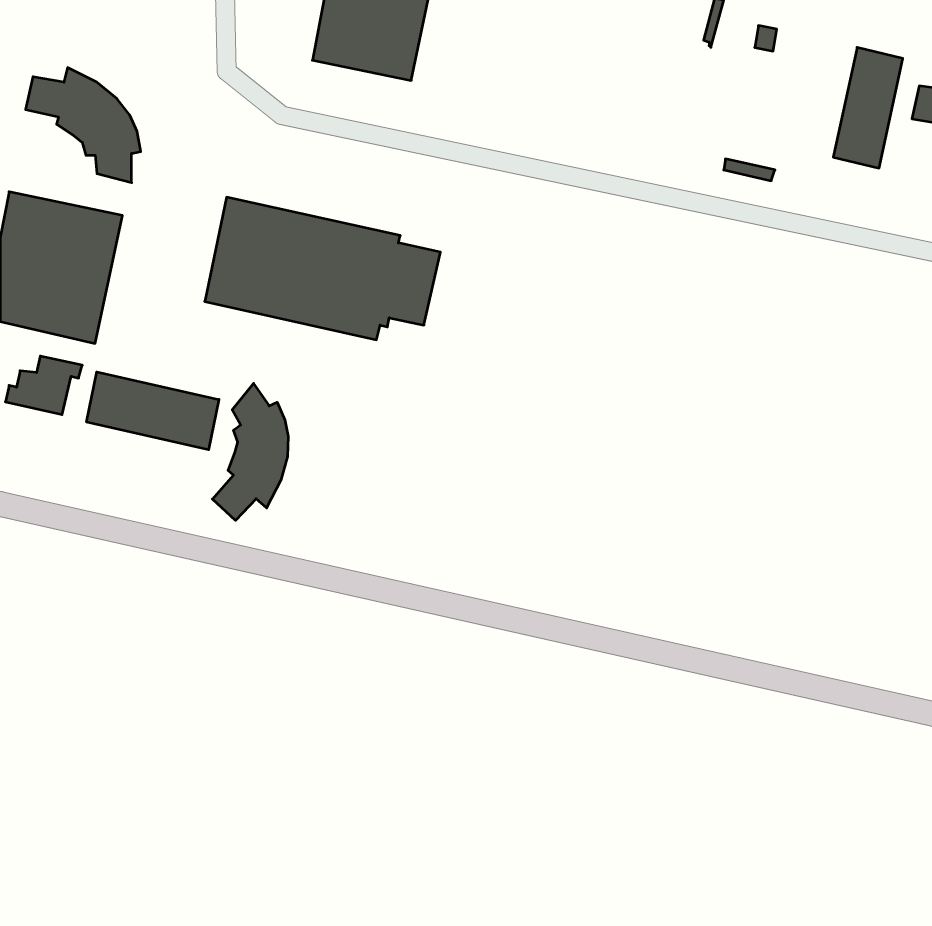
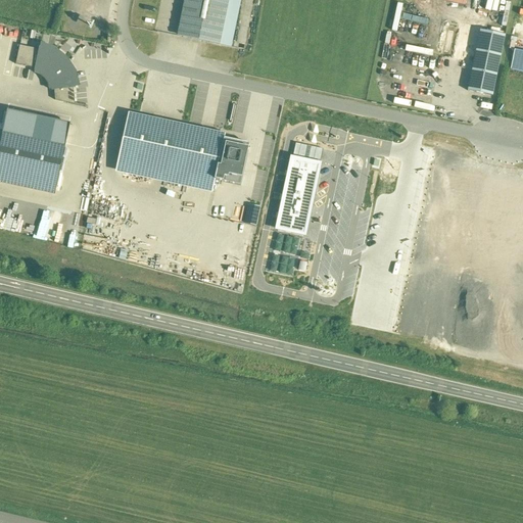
building: none -> [275,139,324,233]
building: [87,372,219,450] -> none
building: [212,383,288,520] -> none

